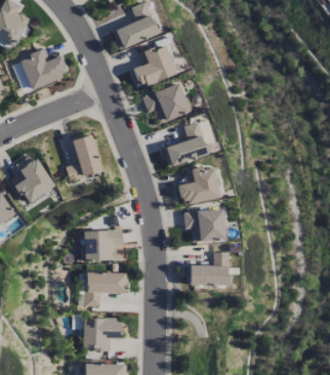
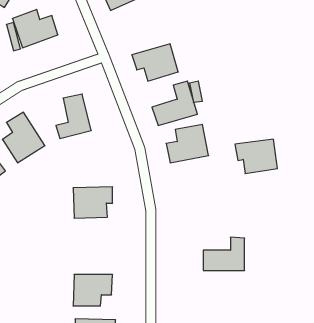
building: [133,45,176,87] -> none
building: [183,208,226,243] -> [235,139,277,174]
building: [187,252,229,286] -> [203,237,245,270]
building: [86,273,128,306] -> none

